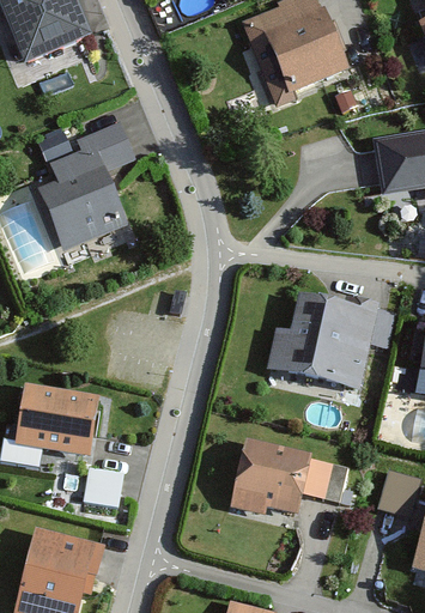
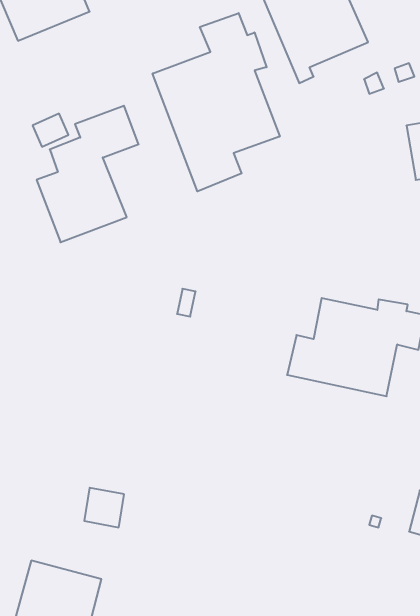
building: none -> [153,13,280,191]
building: [17,387,97,455] -> none
building: [231,441,345,511] -> none

